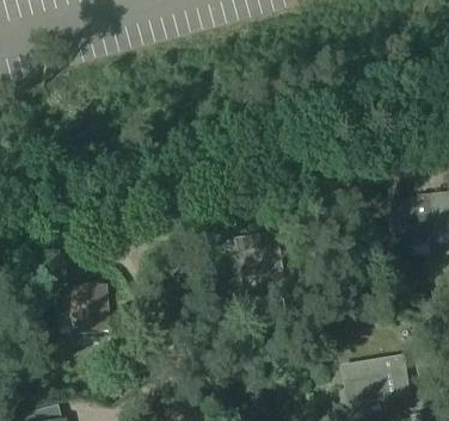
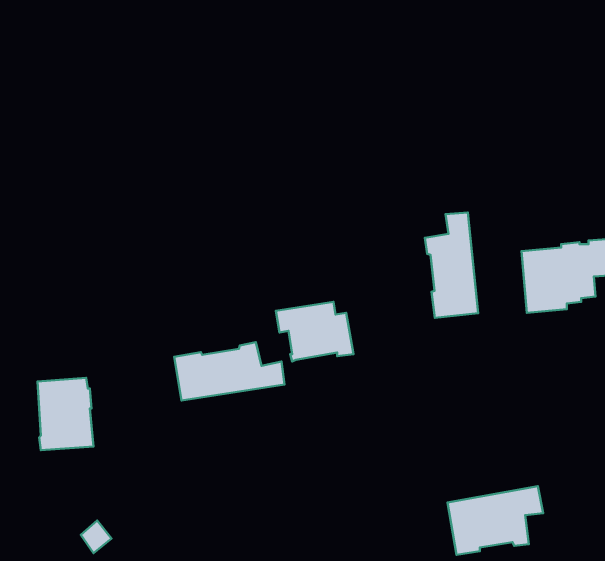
building: none -> [425,212,478,318]
building: none -> [174,342,285,401]

